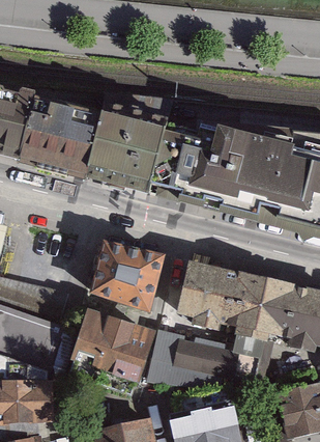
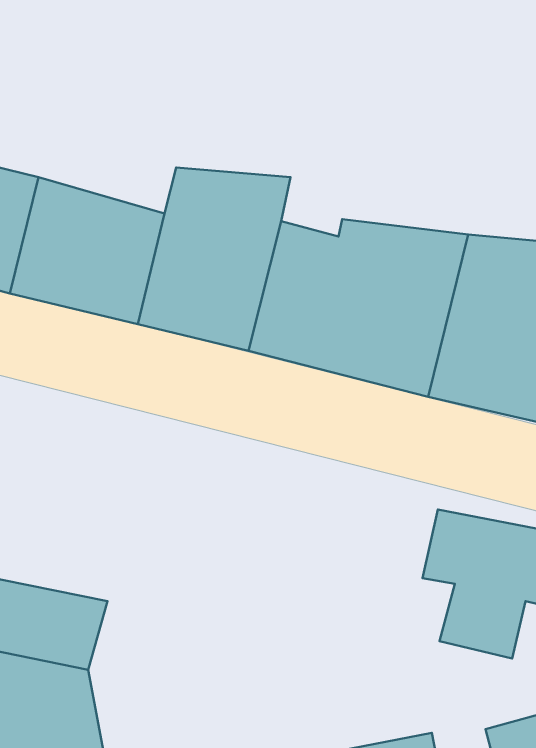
building: [84,244,172,313] -> none
building: [173,263,244,320] -> none
building: [77,310,155,380] -> none
building: [150,328,285,387] -> none

